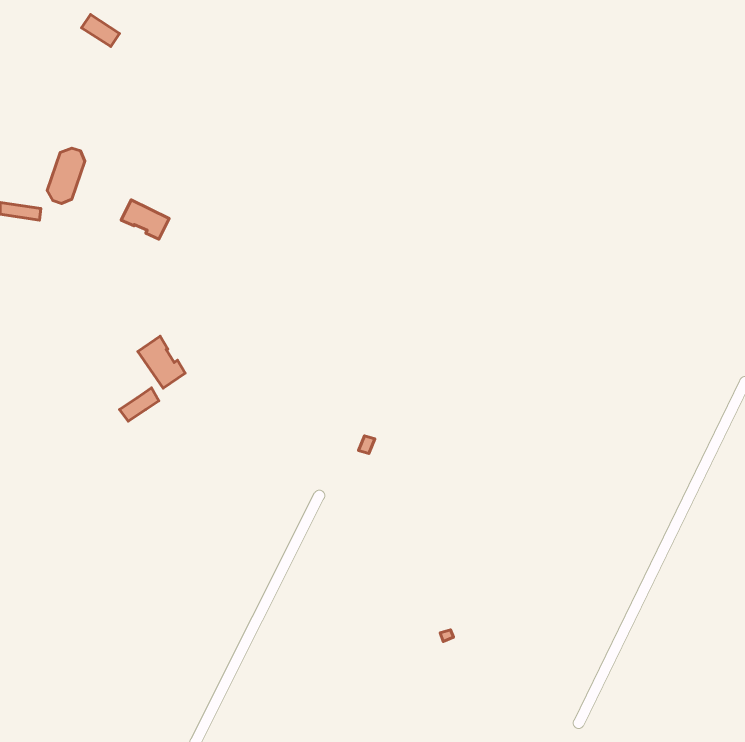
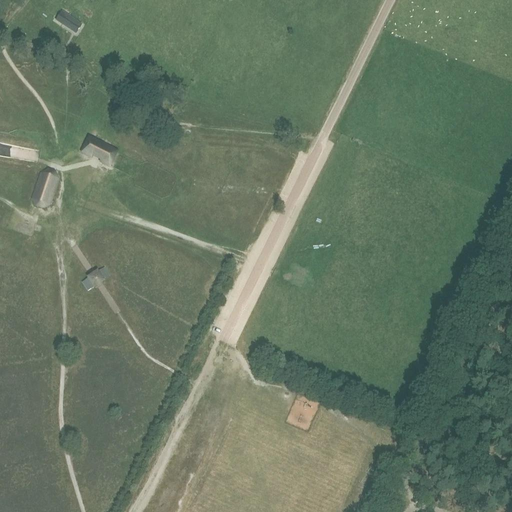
building: [47,148,85,203] -> [32,168,58,206]
building: [138,336,185,388] -> none

